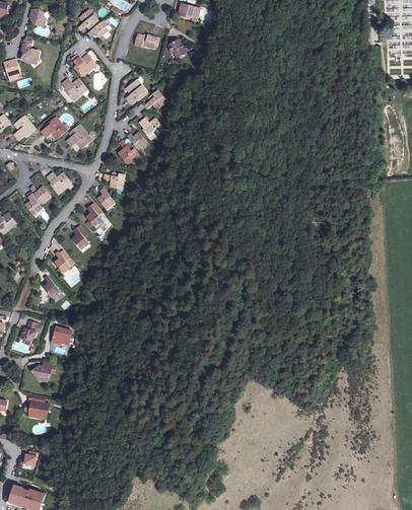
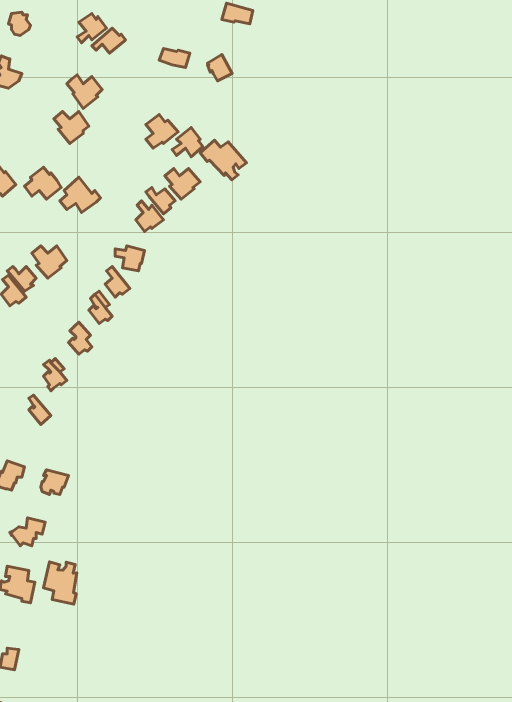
building: none -> [200,140,247,180]
building: none -> [43,562,77,604]

